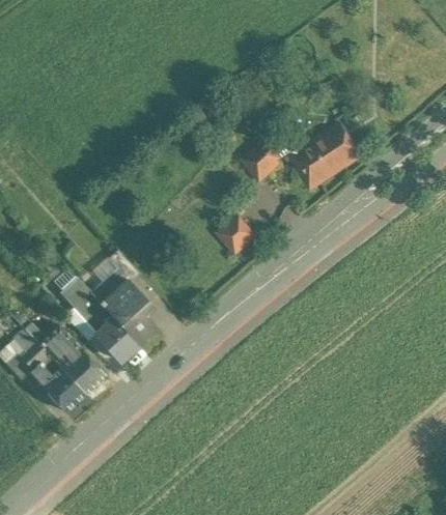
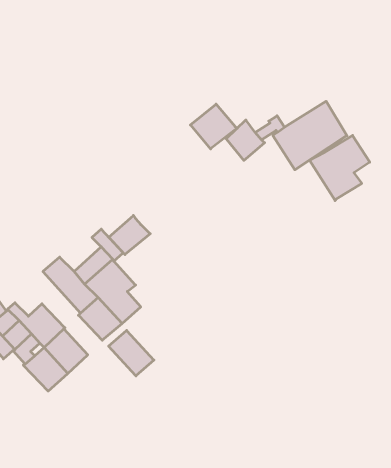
building: none -> [190,104,237,149]
building: none -> [309,135,370,201]
building: [216,214,256,255] -> none
building: none -> [109,215,150,255]
building: none -> [109,330,154,376]

